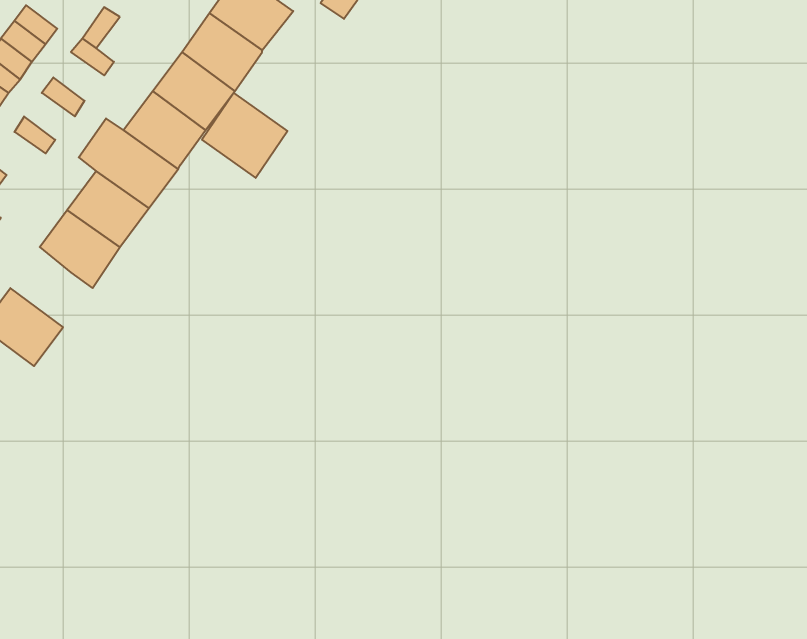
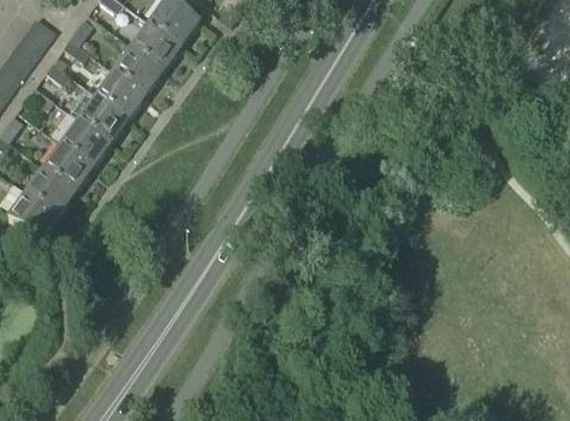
building: [202,93,287,178] -> none
building: none -> [25,166,76,215]

